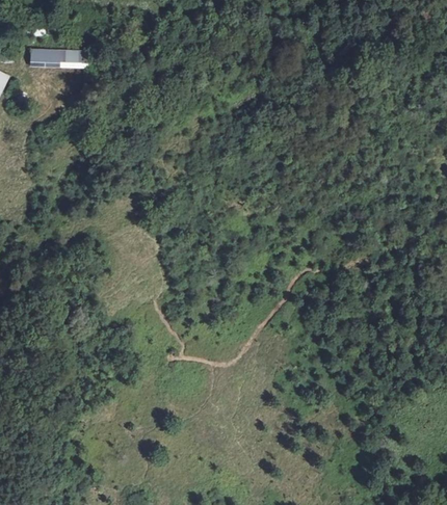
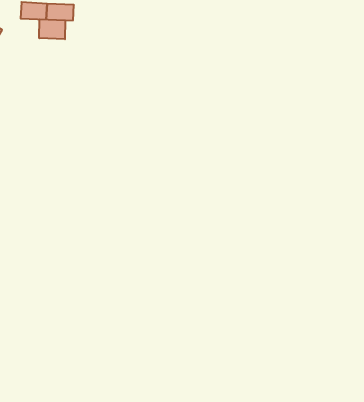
building: none -> [39,19,65,39]

